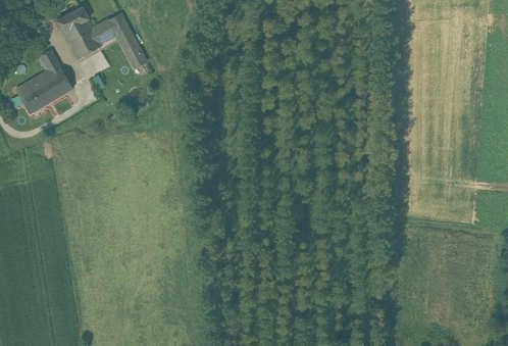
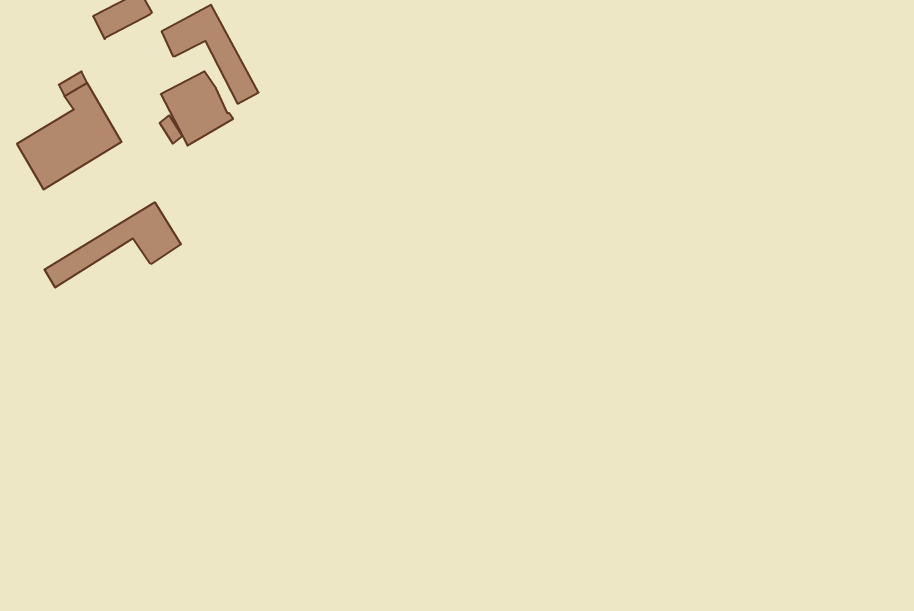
building: [63,19,102,59] -> [161,71,233,146]
building: none -> [44,202,181,288]

